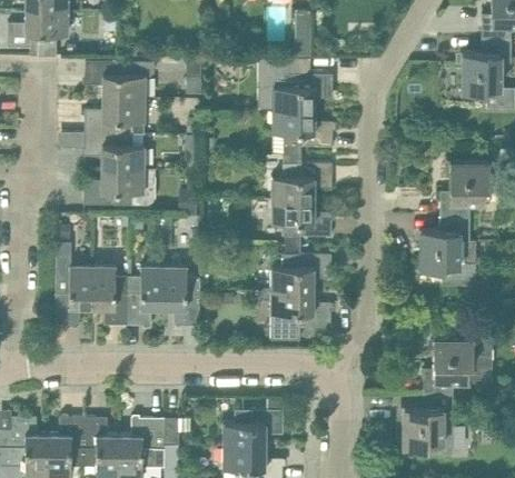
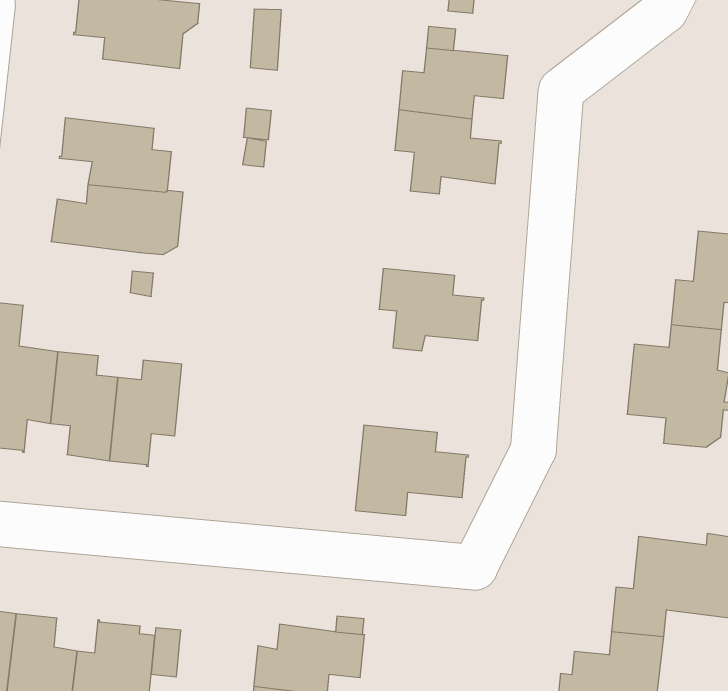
building: [85,98,147,135] -> none
building: [274,156,333,201] -> none
building: [271,246,331,291] -> none
building: [165,267,200,326] -> none

